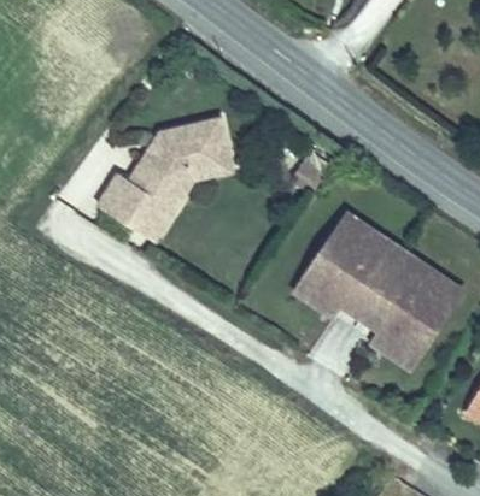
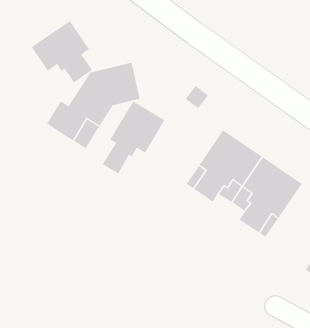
building: none -> [31,20,93,83]
building: none -> [102,101,165,175]

